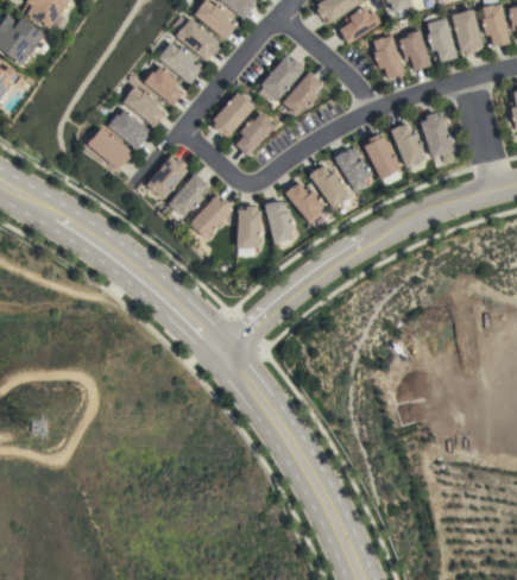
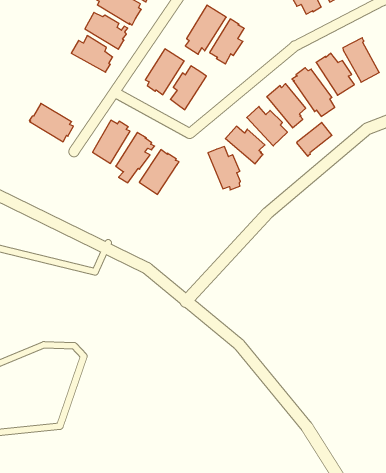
building: [124,86,166,127] -> none
building: [106,109,150,150] -> none
building: none -> [297,122,332,156]
building: [237,206,261,256] -> none

